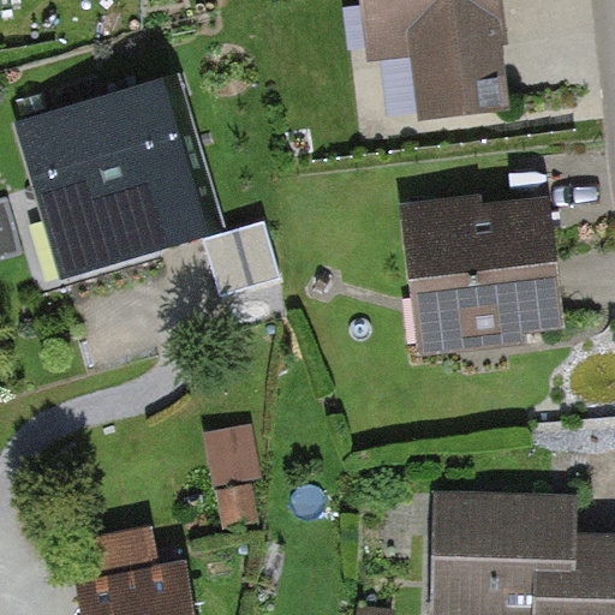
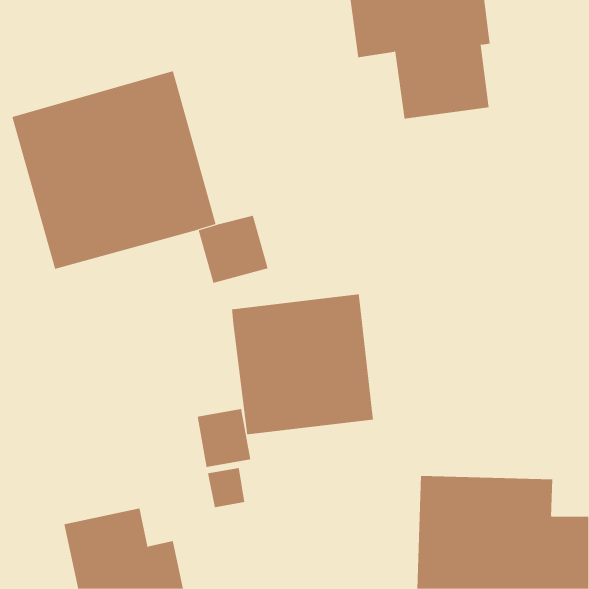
building: [400,195,563,357] -> none
building: none -> [232,294,374,435]

